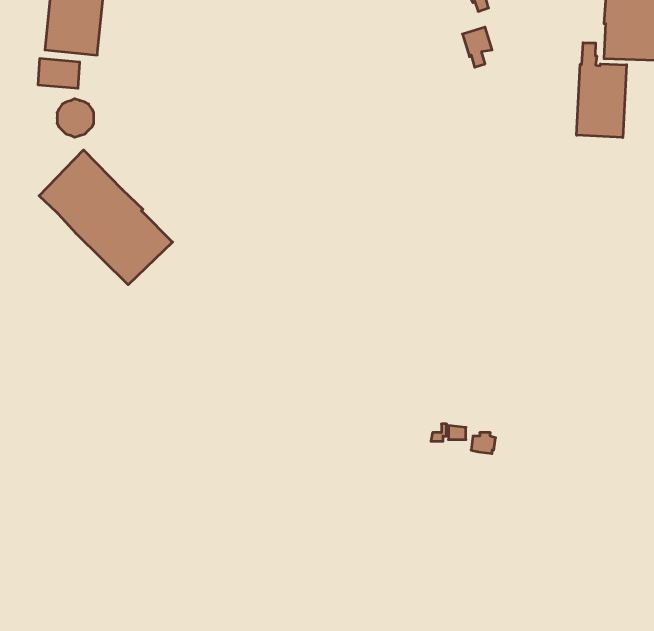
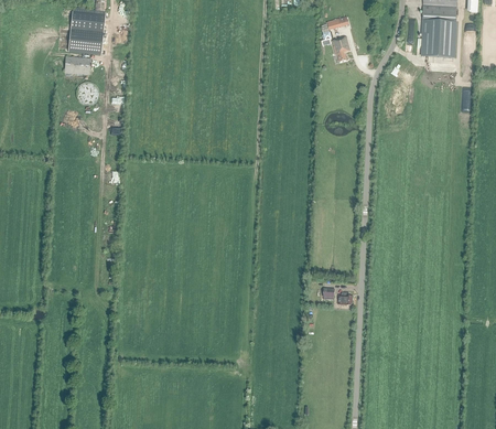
building: [577,43,627,138] -> none
building: [39,150,173,285] -> none

